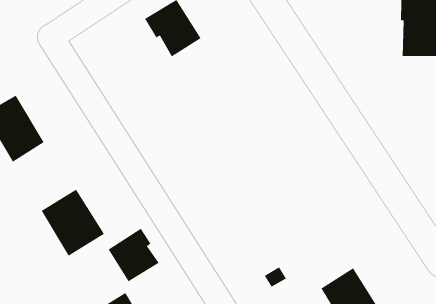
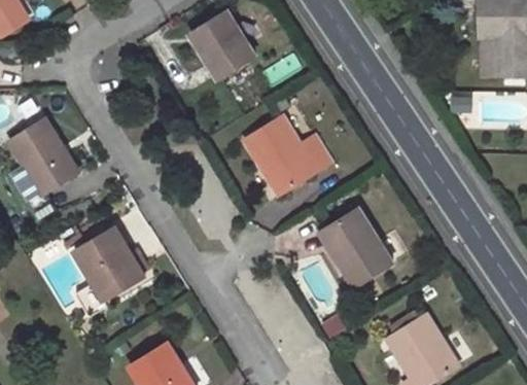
building: none -> [244,114,330,197]
building: none -> [322,207,393,288]
building: [108,228,160,282] -> none

